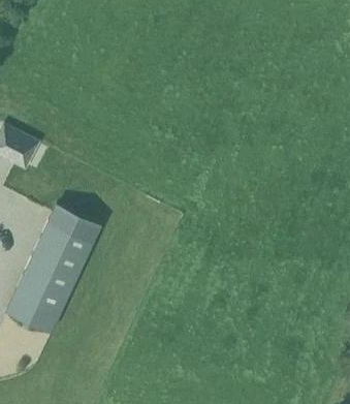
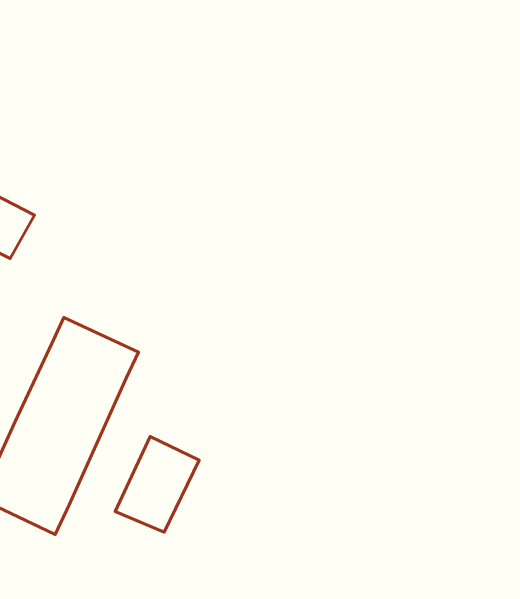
building: none -> [115,436,199,532]

